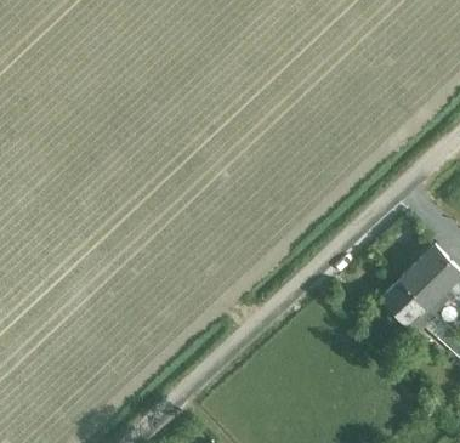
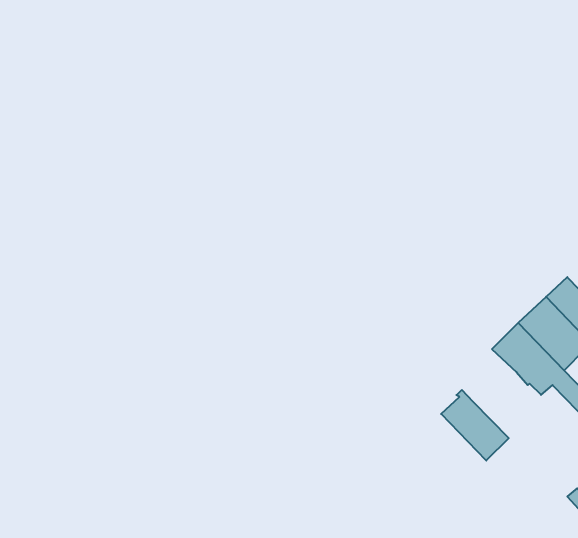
building: none -> [441,390,509,461]

